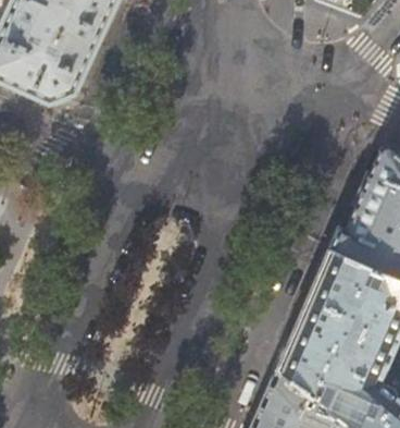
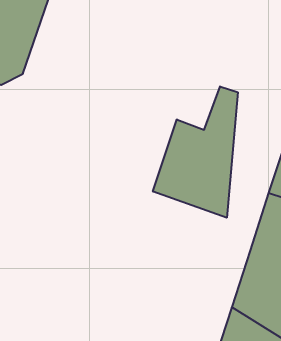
building: none -> [153,86,238,218]

